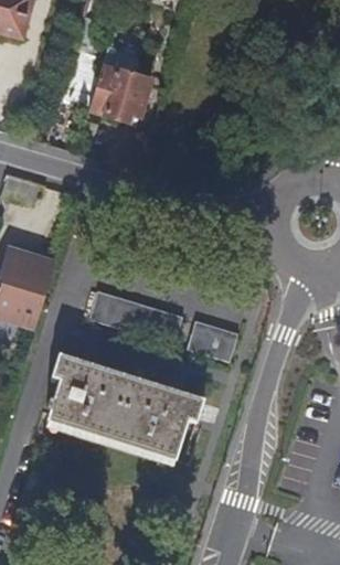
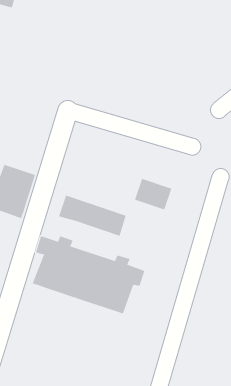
building: [91,64,148,120] -> none
building: [183,326,235,370] -> [134,178,172,210]

